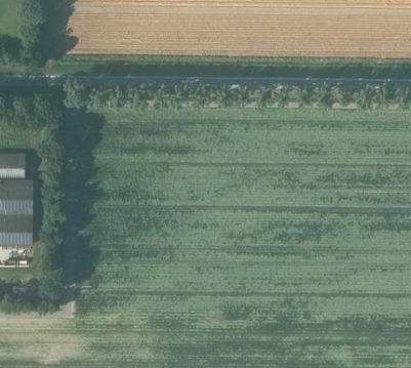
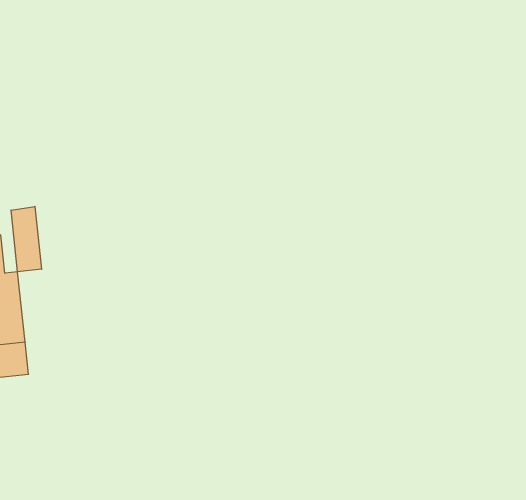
building: none -> [11,206,42,272]

